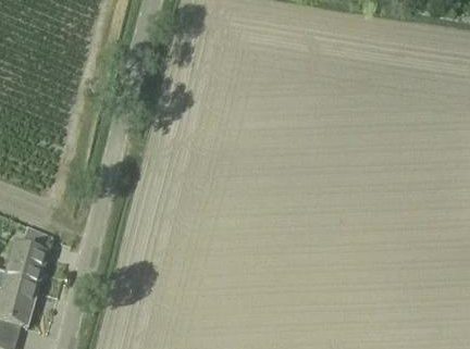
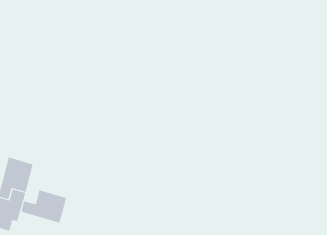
building: none -> [21,189,67,223]

